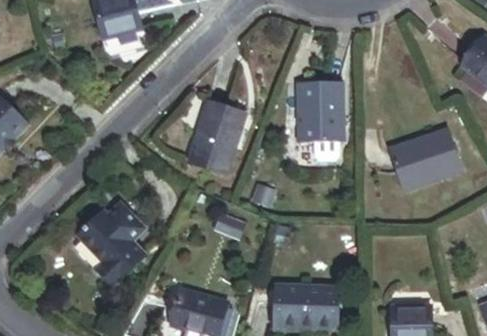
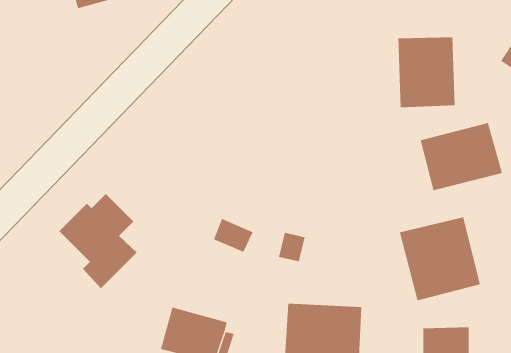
building: [297,84,346,144] -> [398,37,455,108]
building: [188,98,243,167] -> none
building: none -> [399,217,481,301]

